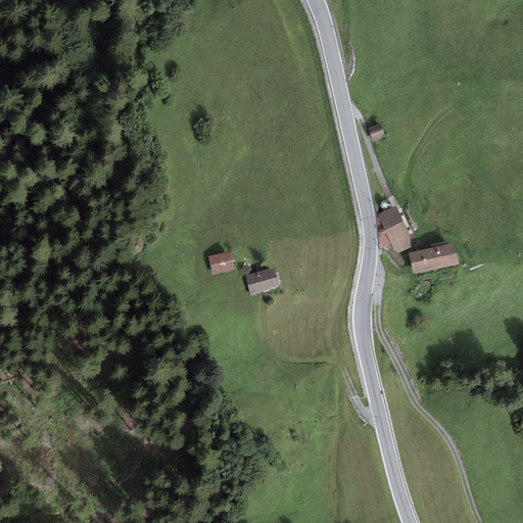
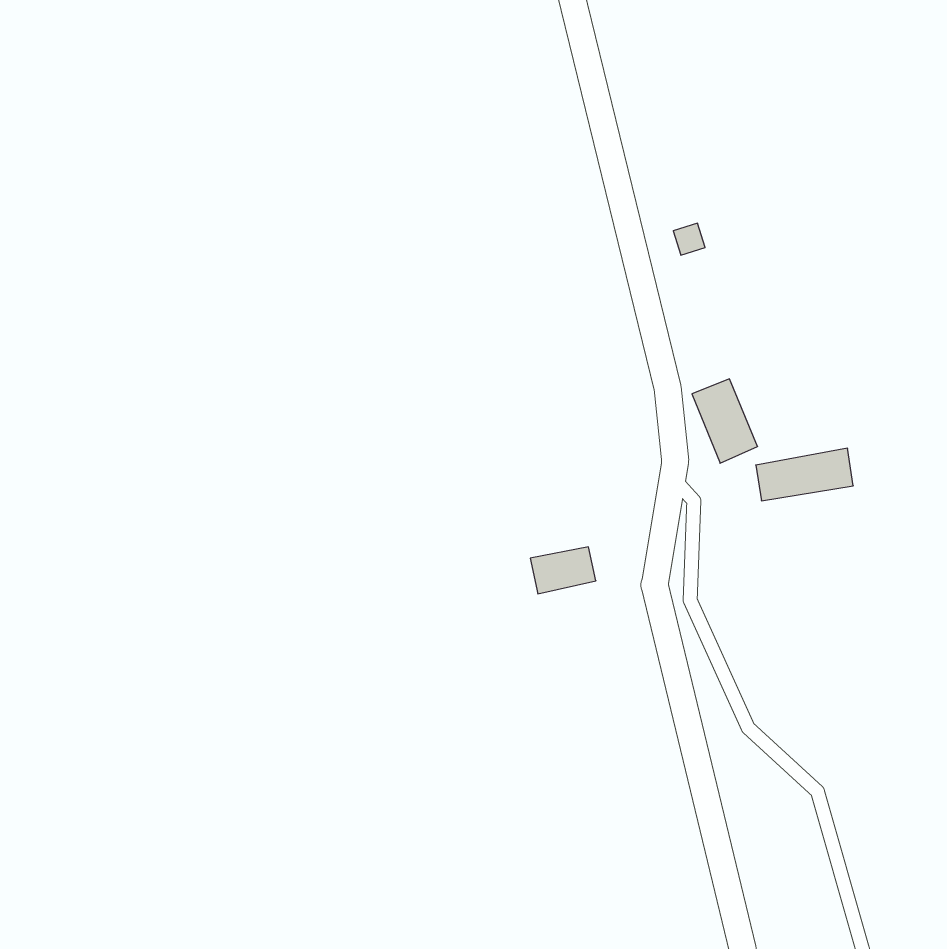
building: [206,249,233,272] -> none
building: [244,267,280,292] -> [530,547,596,594]

